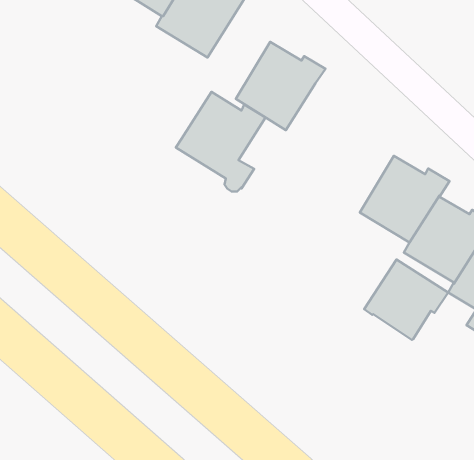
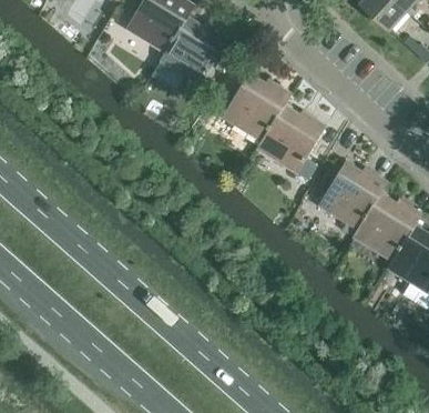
building: [176,92,266,191] -> [256,104,326,182]
building: [364,260,448,340] -> none

